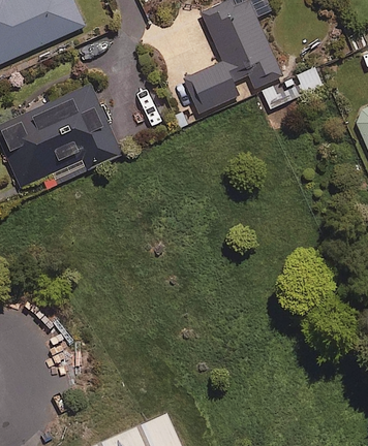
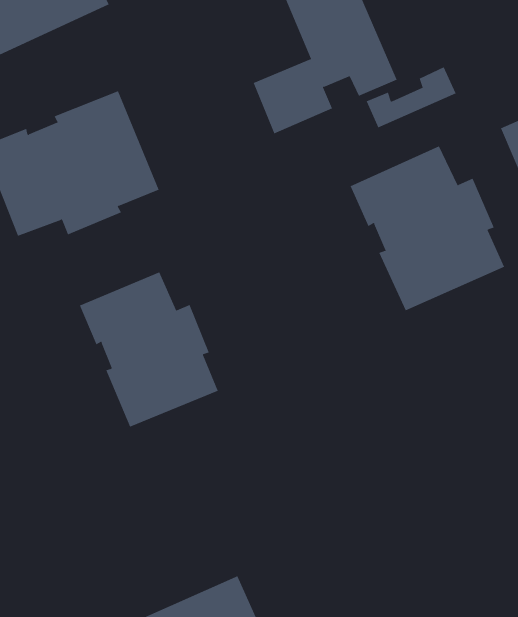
building: none -> [350,146,505,311]
building: none -> [79,271,219,427]

